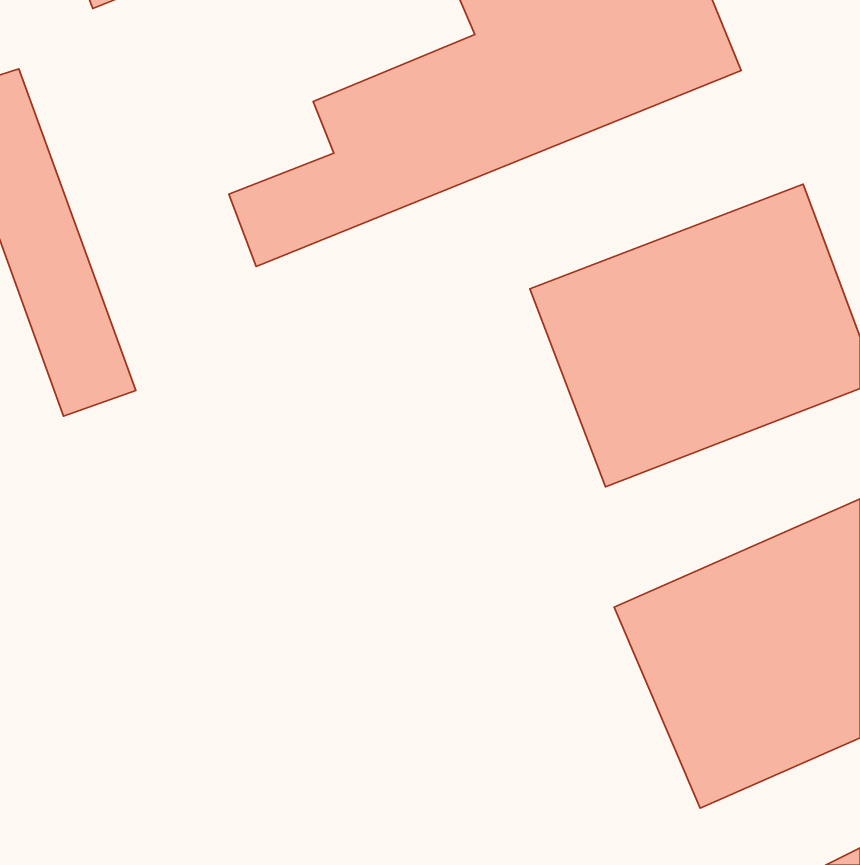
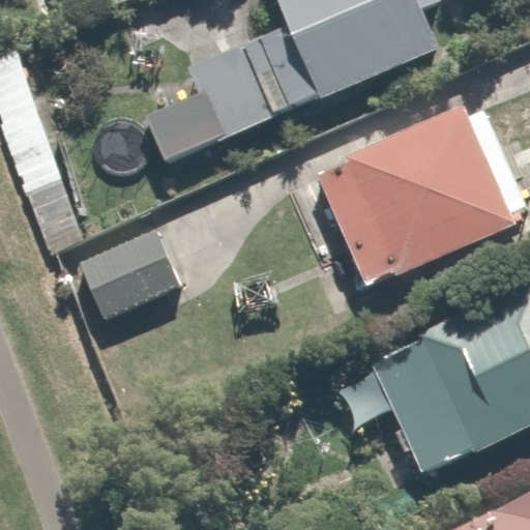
building: none -> [79,226,180,321]

